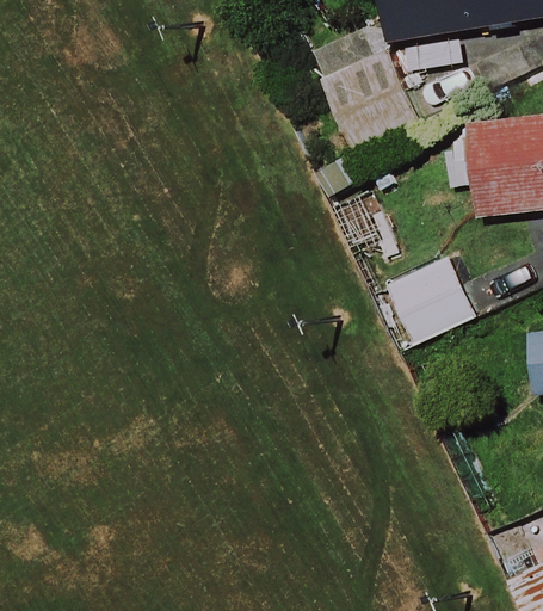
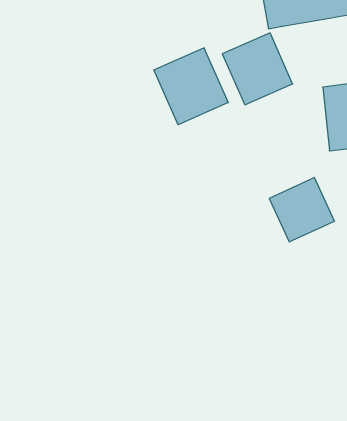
building: none -> [154,48,228,125]

